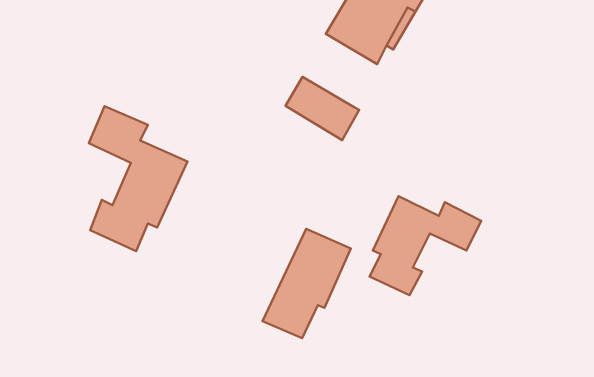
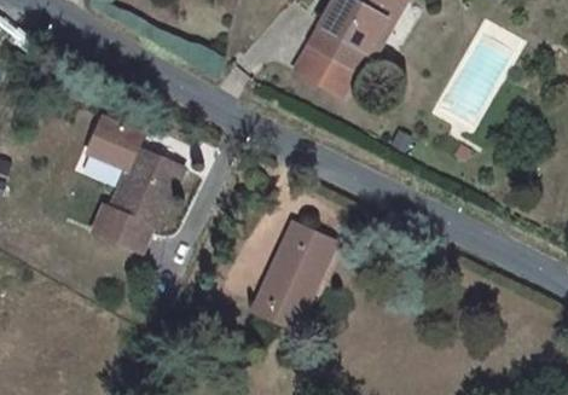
building: [286,77,359,140] -> [292,46,360,104]
building: [370,196,481,295] -> none

